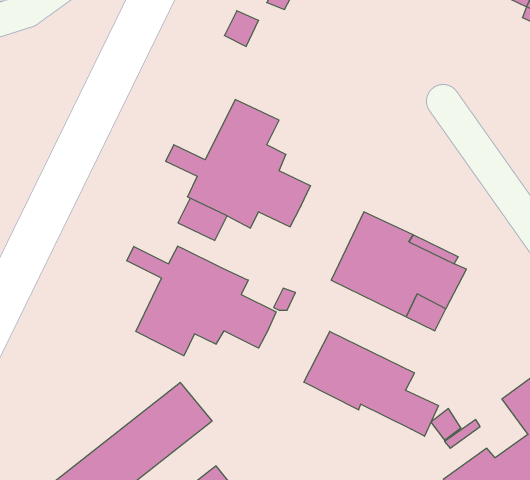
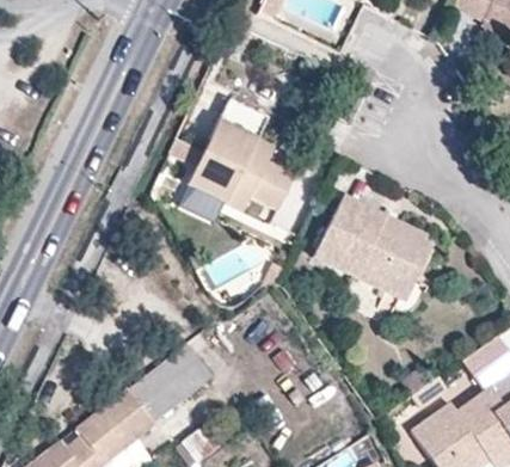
building: [127,246,276,356] -> none
building: [304,331,438,436] -> none

